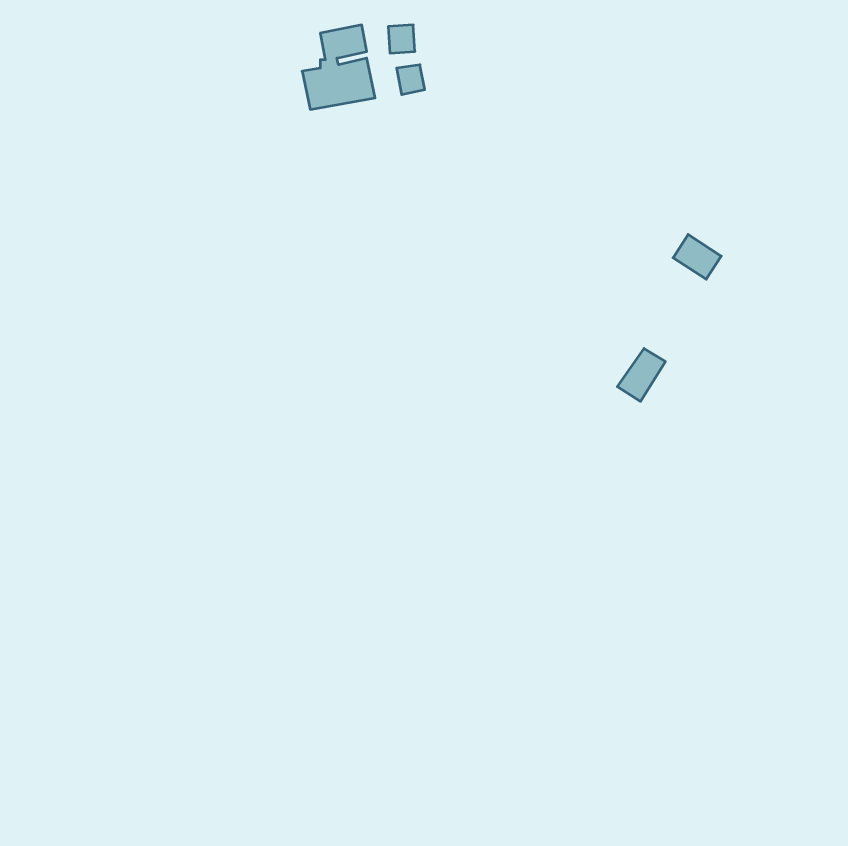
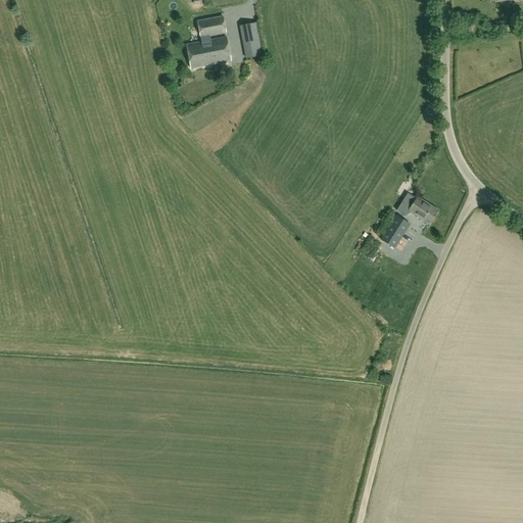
building: [673,234,721,279] -> [409,196,438,224]

